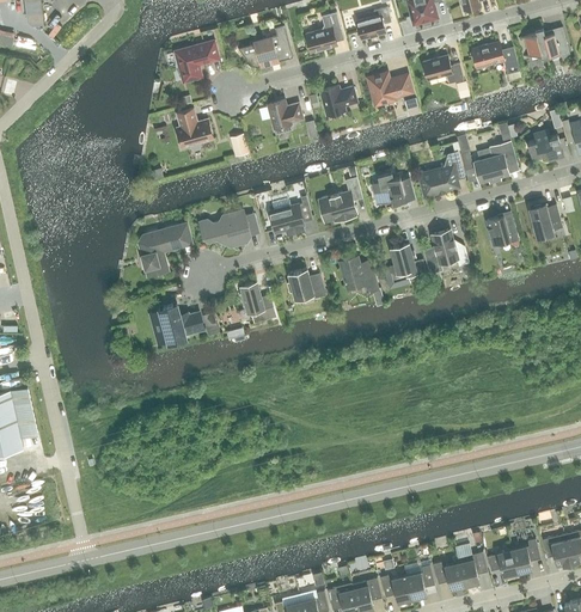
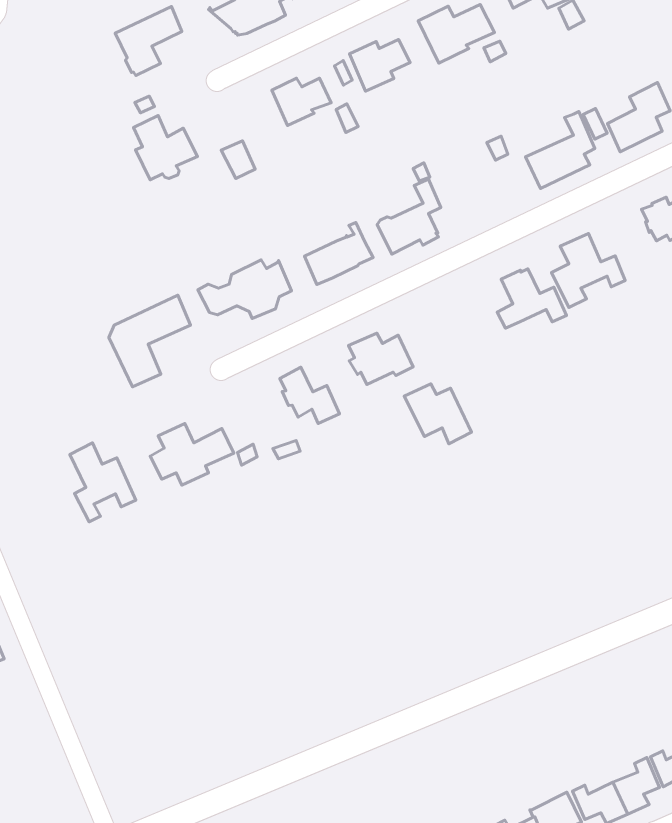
building: [369,172,411,206] -> none
building: [340,255,378,294] -> [404,384,471,444]
building: none -> [70,443,136,522]

